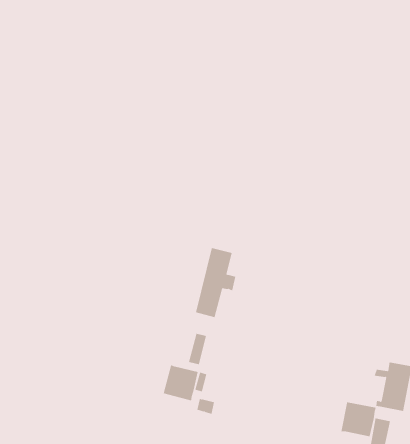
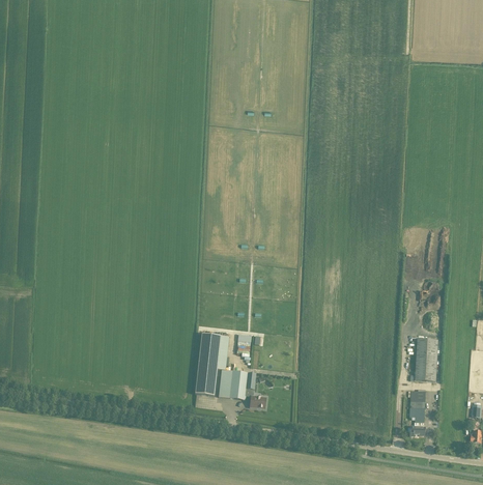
building: [195,248,236,318] -> [195,333,227,395]
building: [341,401,377,437] -> none

